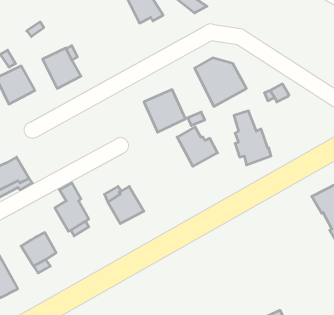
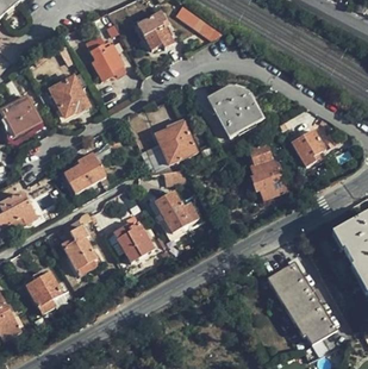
building: none -> [85,32,124,80]
building: none -> [292,127,326,165]
building: none -> [63,151,106,192]
building: [177,127,218,166] -> [155,189,198,231]
building: none -> [268,255,337,343]

